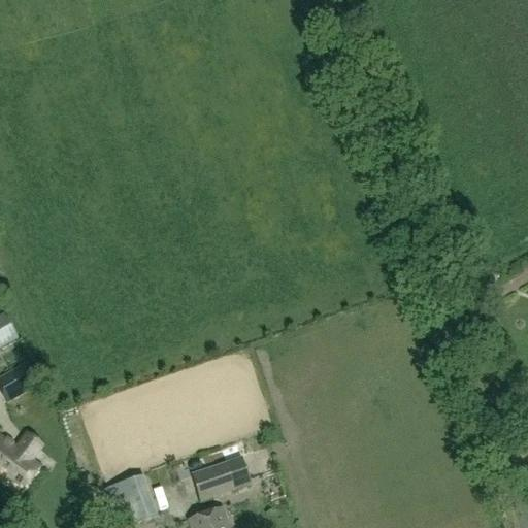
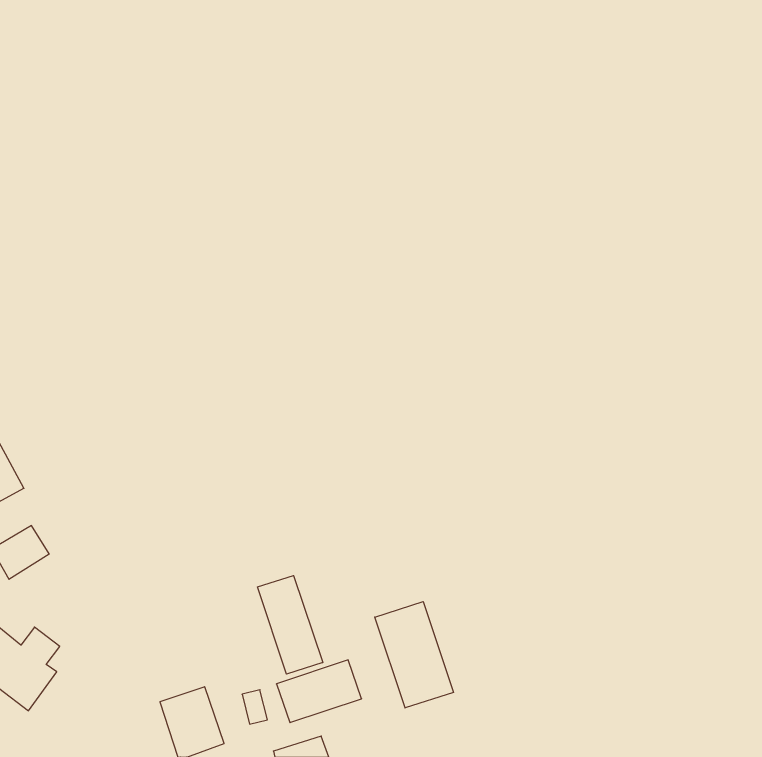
building: none -> [258,576,323,674]
building: none -> [375,602,453,708]

